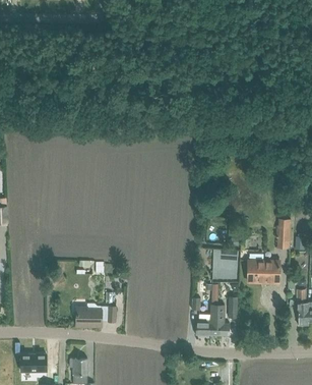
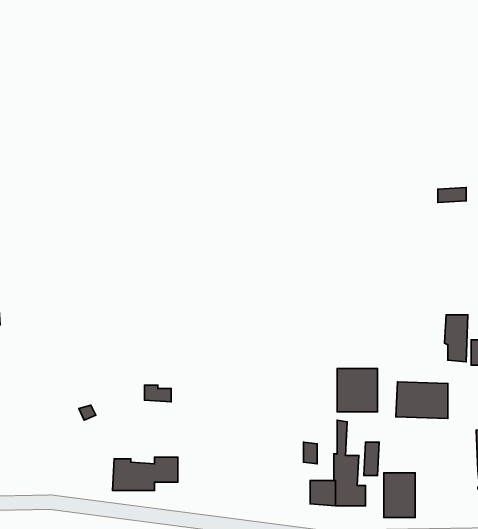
building: none -> [384,473,415,517]

